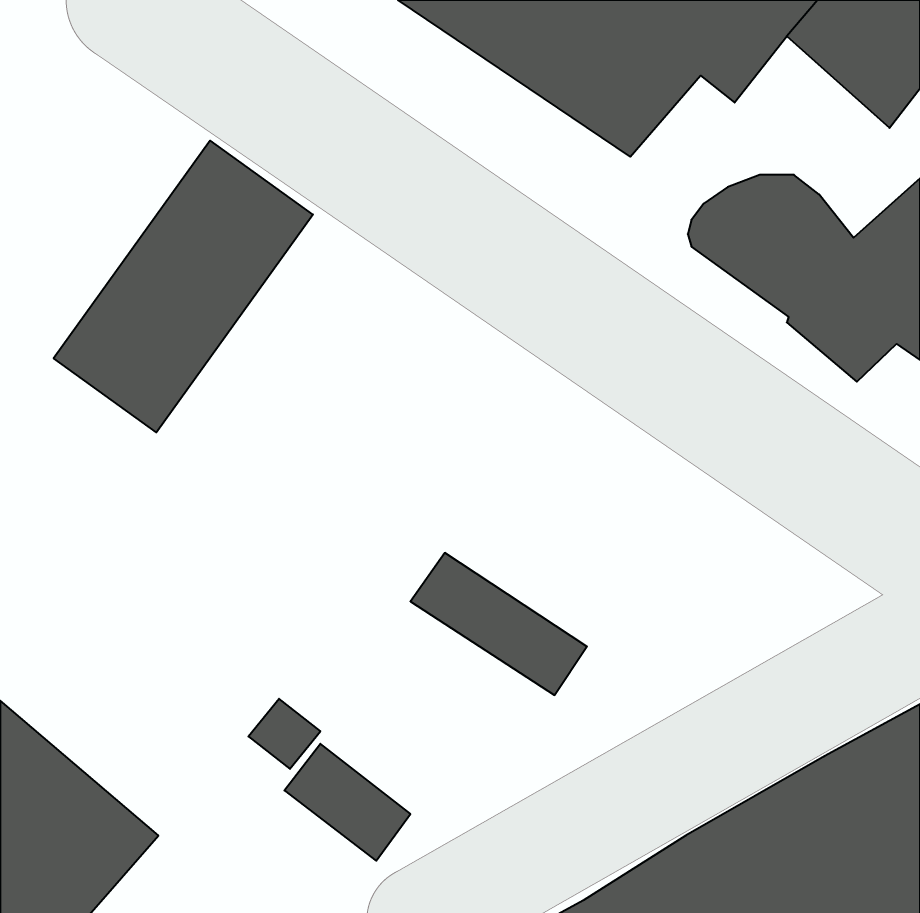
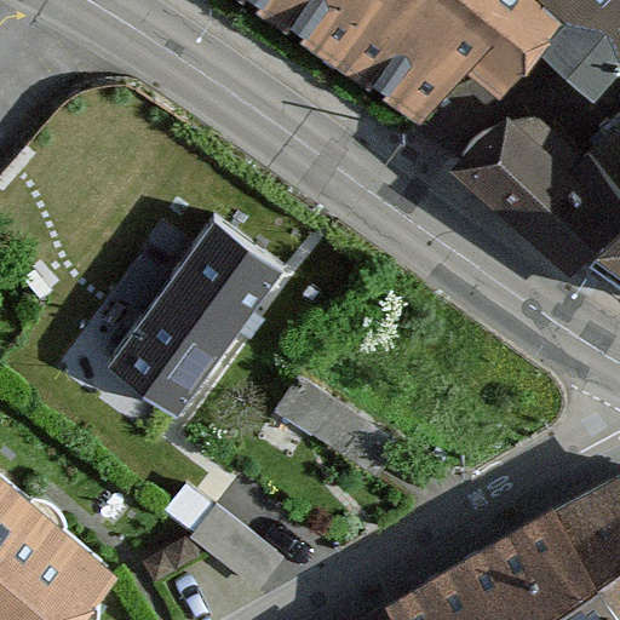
building: [54,141,313,432] -> [107,217,281,413]

